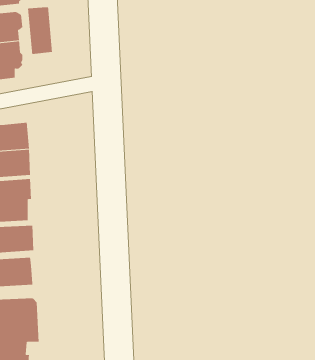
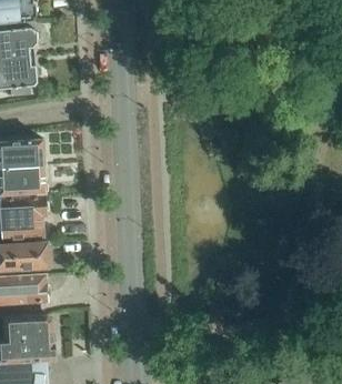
building: [27,7,53,55] -> none

